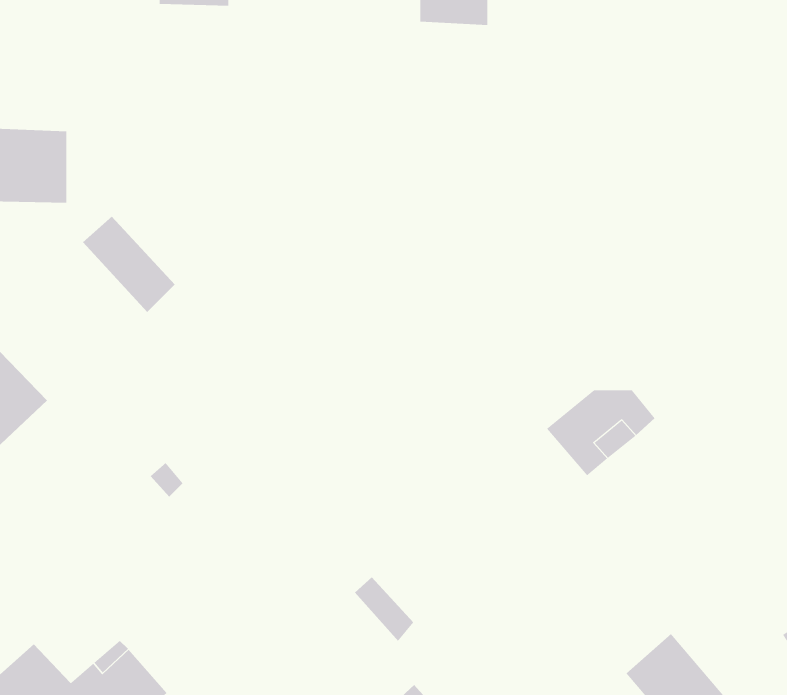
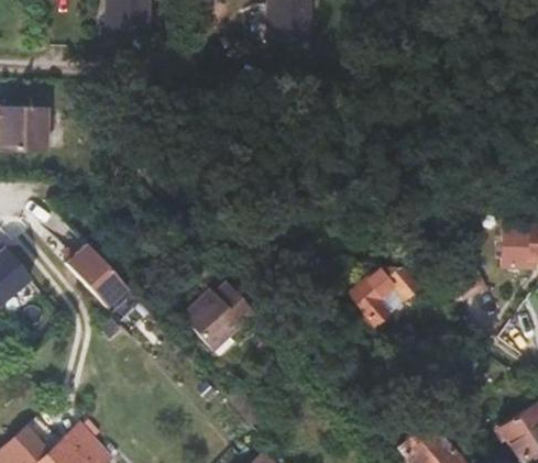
building: [82,216,175,313] -> [72,247,130,308]
building: none -> [182,282,255,350]

